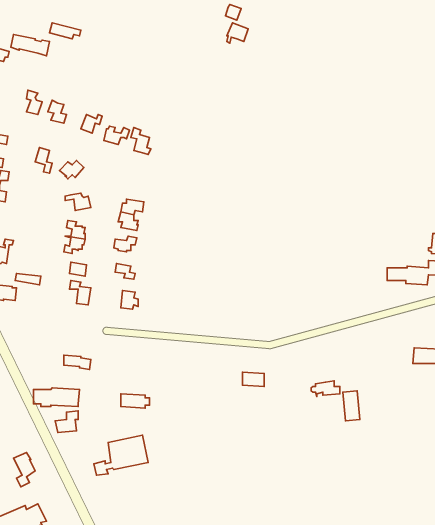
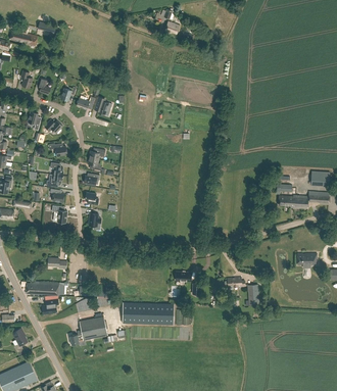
building: none -> [123,302,174,325]

